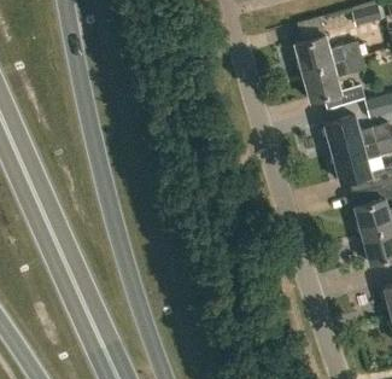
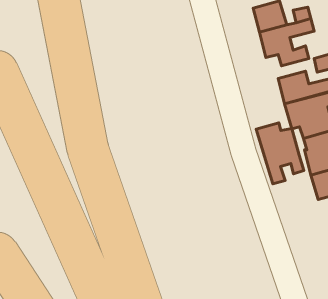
building: none -> [256,123,304,184]

